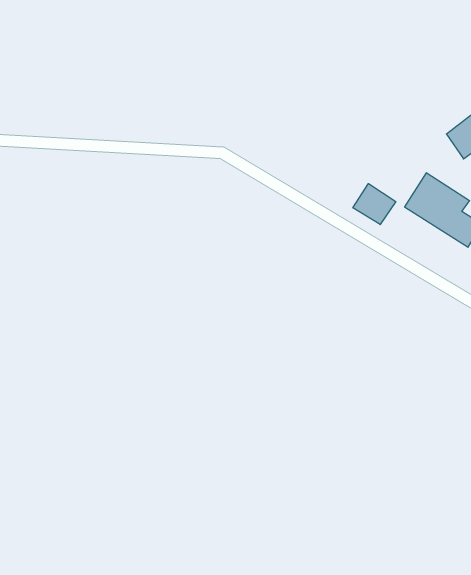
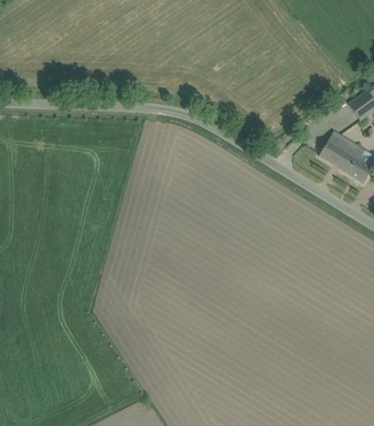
building: [353,184,396,225] -> none

